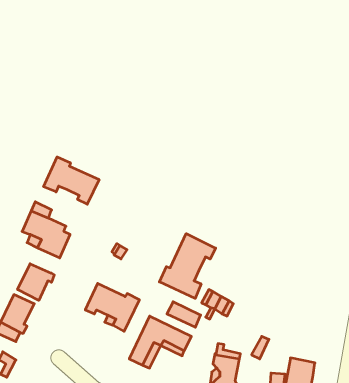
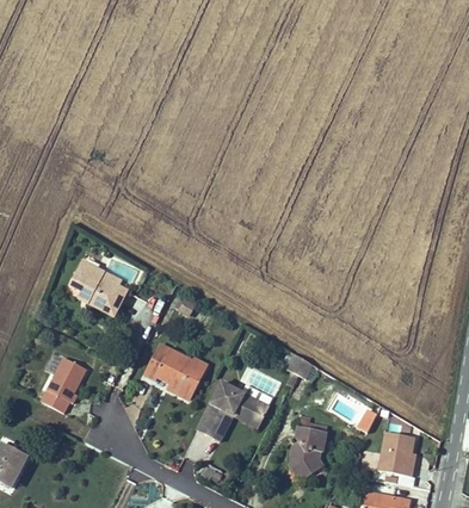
building: [44,157,99,204] -> none
building: [159,234,216,298] -> none
building: [18,264,54,300] -> none

